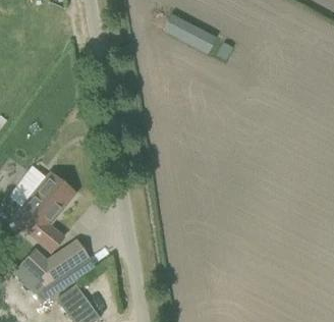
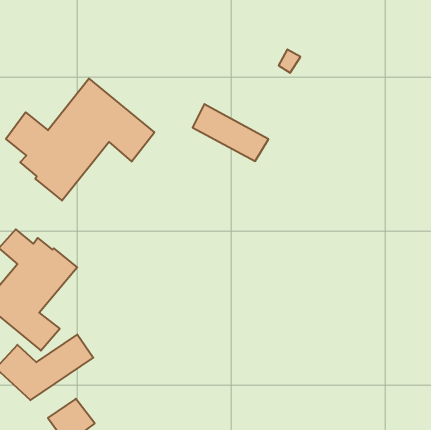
building: [163,14,216,54] -> [193,104,268,161]
building: none -> [6,79,154,201]

